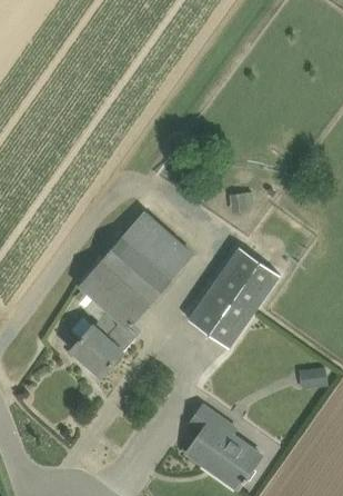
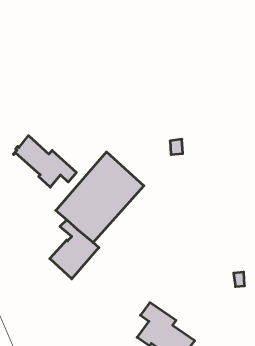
building: none -> [13,136,76,187]
building: [188,247,279,348] -> none

